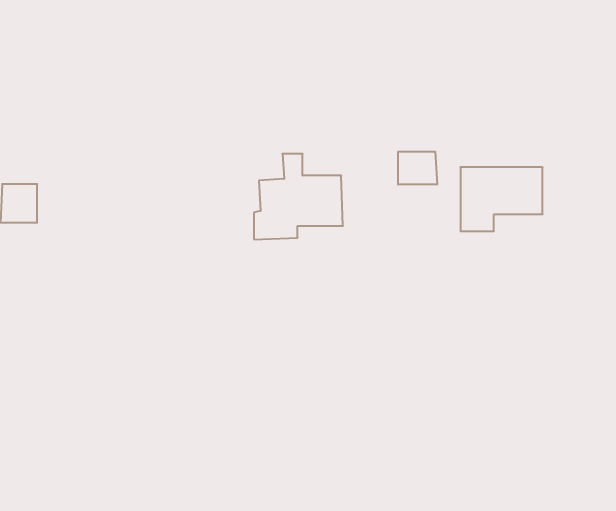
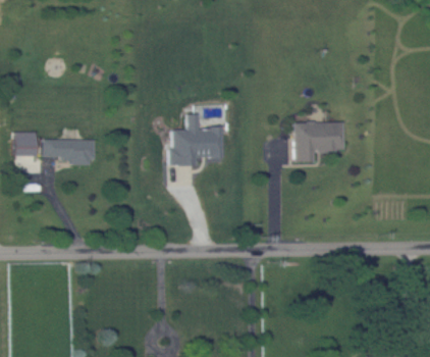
building: [398,152,437,185] -> none
building: none -> [45,140,95,164]

